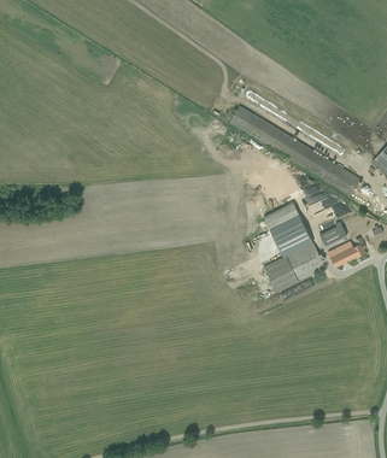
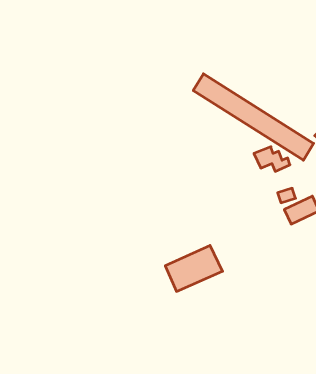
building: [263,202,306,246] -> none
building: [265,243,327,293] -> [165,245,223,291]

